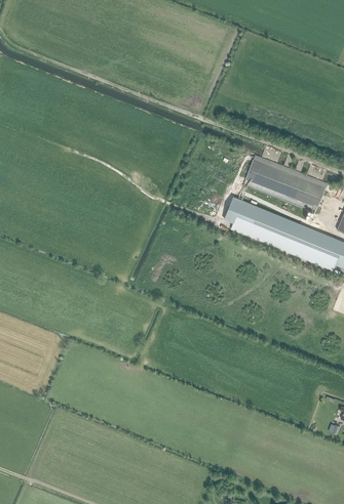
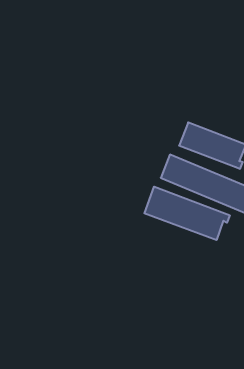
building: none -> [144,187,230,240]

